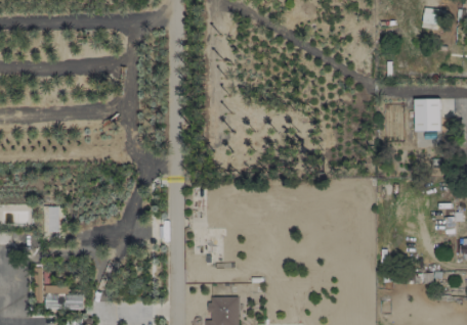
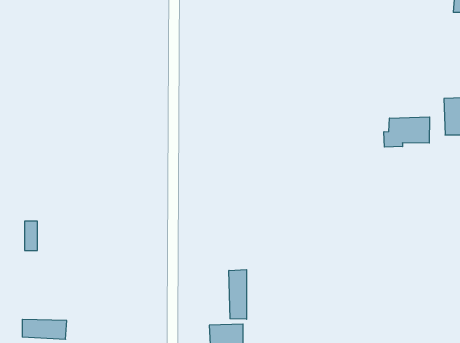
building: none -> [384,117,430,147]
building: none -> [229,270,247,319]

